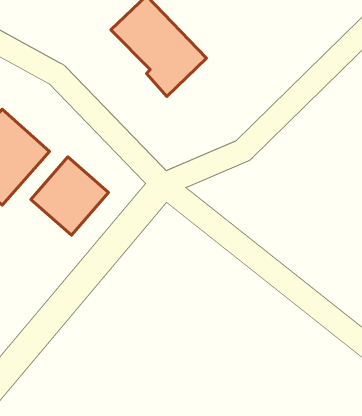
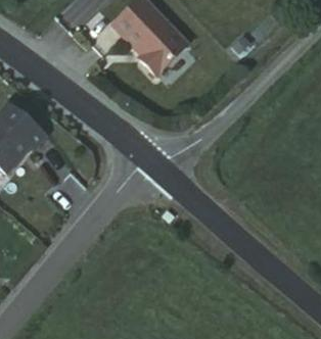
building: [31,157,108,235] -> none

